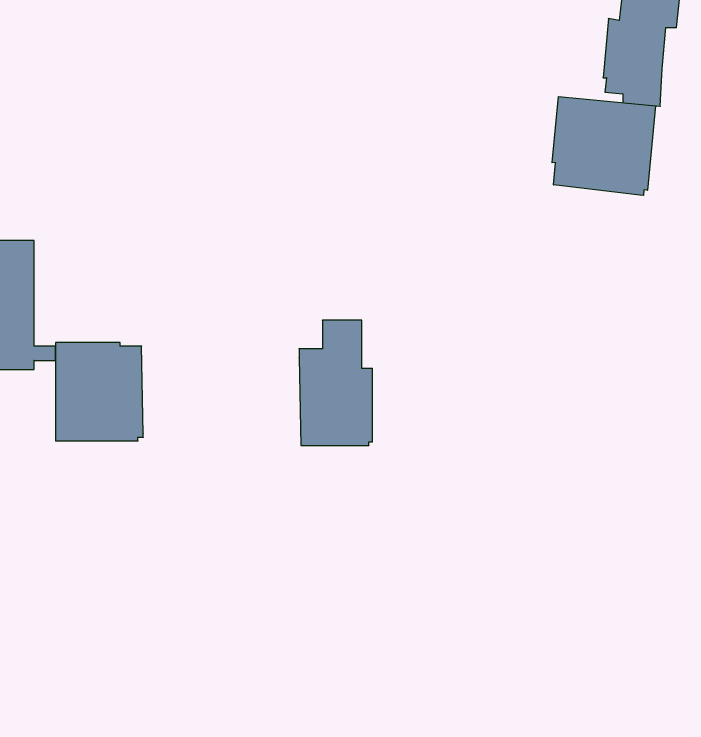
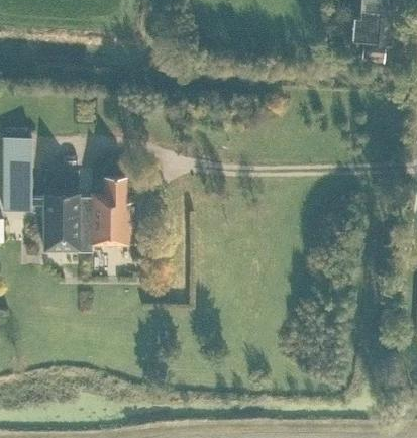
building: [552,97,655,195] -> none
building: [299,320,372,445] -> [91,176,132,246]

